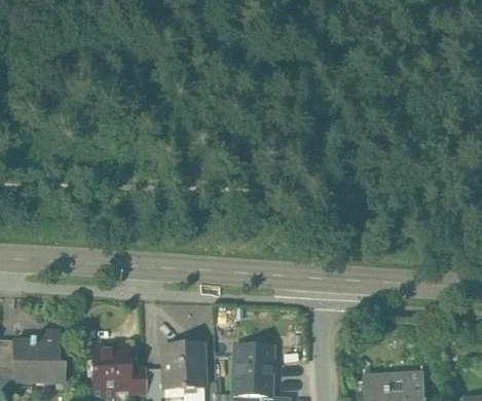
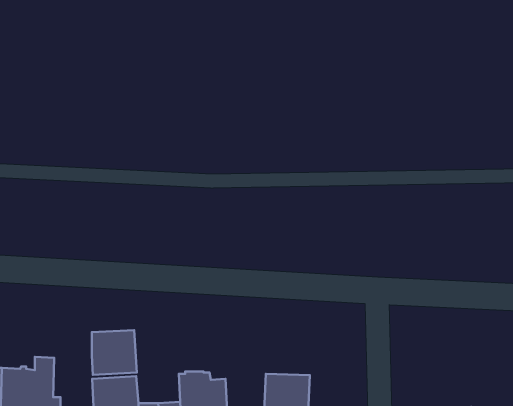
building: none -> [92,330,137,375]

